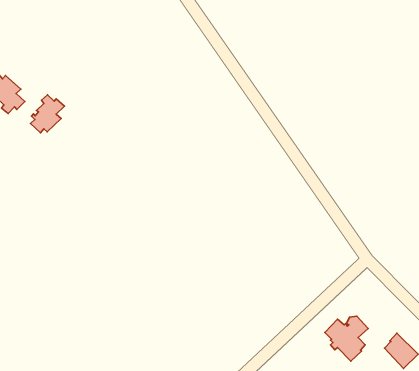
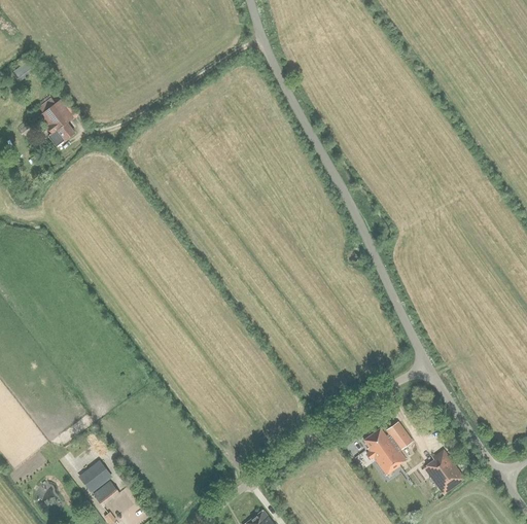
building: [31,95,65,133] -> none

